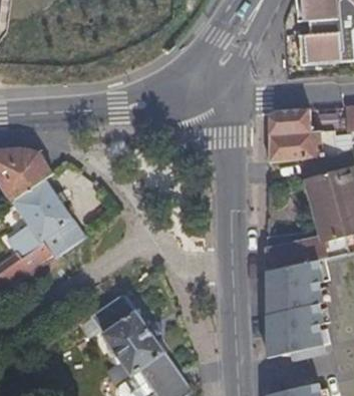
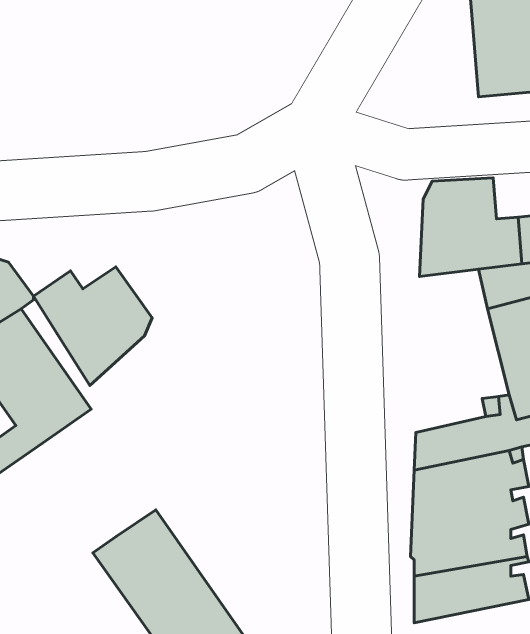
building: none -> [34,267,152,385]

